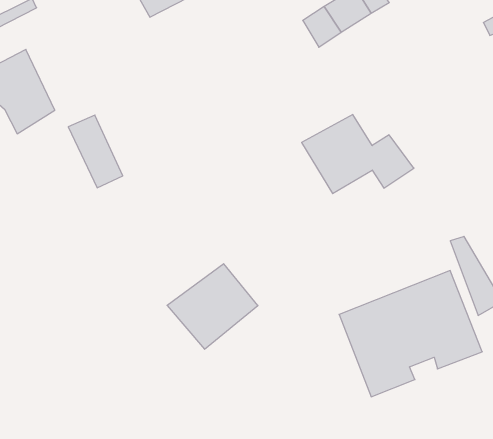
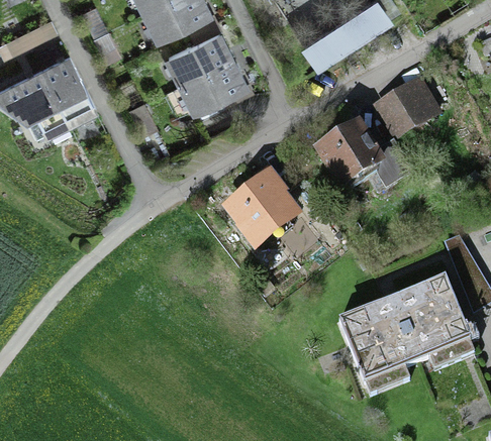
building: none -> [171,29,248,108]
building: none -> [372,85,443,150]
building: [68,115,123,188] -> [45,56,97,124]
building: [167,264,258,349] -> [214,180,300,260]

